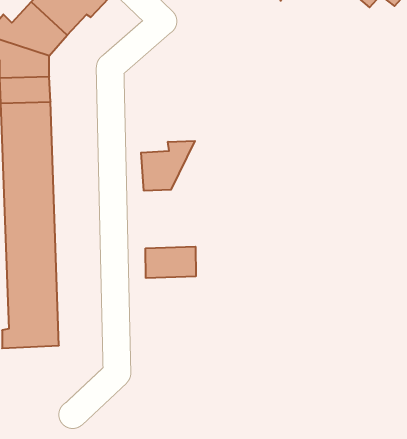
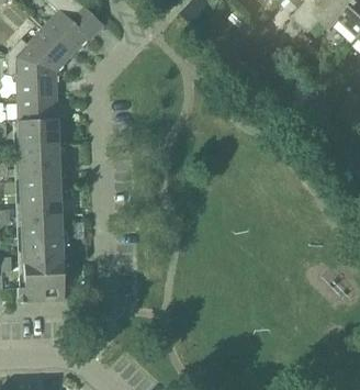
building: [141,141,195,191] -> none
building: [146,247,196,278] -> none

